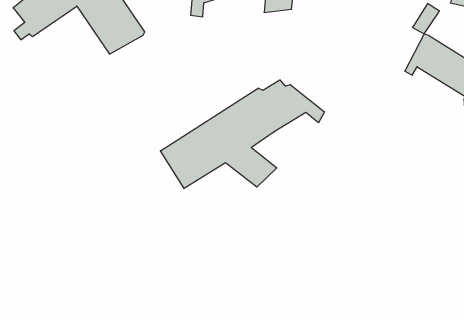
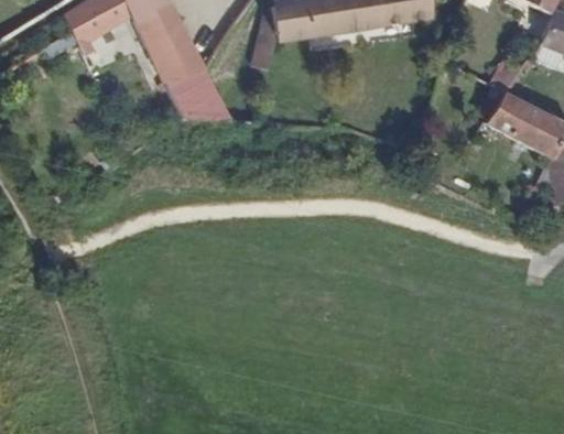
building: none -> [164,59,237,123]
building: [160,80,325,189] -> none

